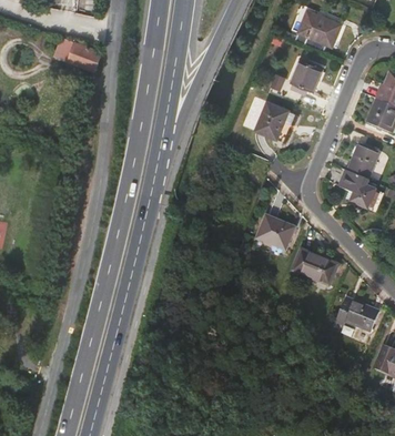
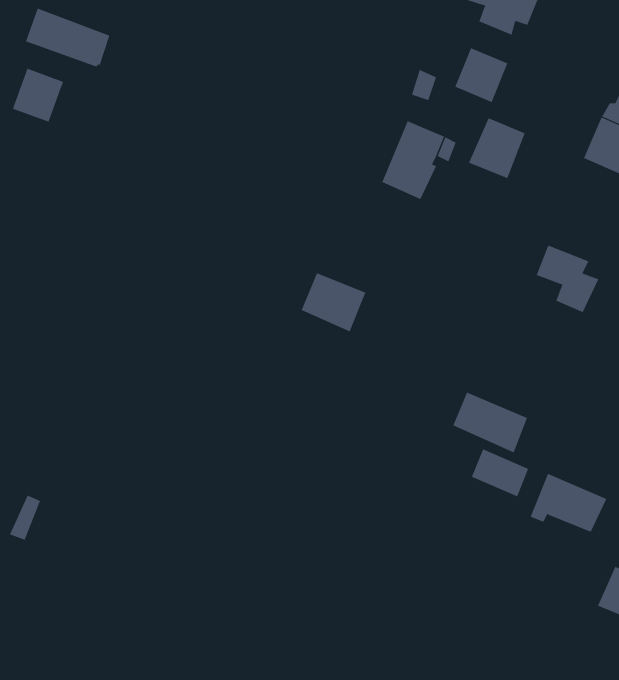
building: none -> [12,68,64,123]
building: [347,143,379,178] -> [468,117,526,179]
building: [259,216,295,250] -> [301,273,366,332]
building: none -> [471,449,529,497]

